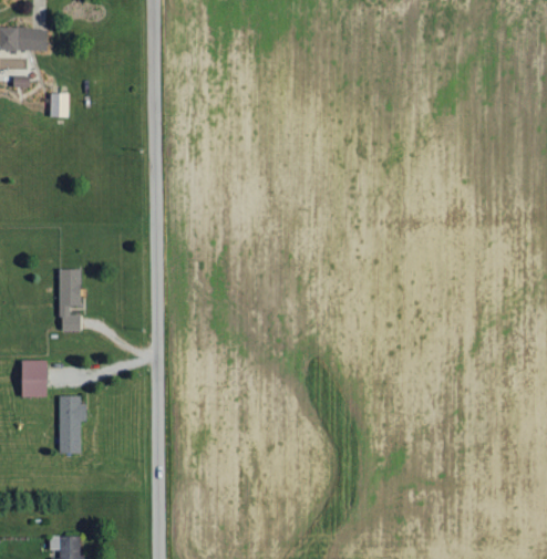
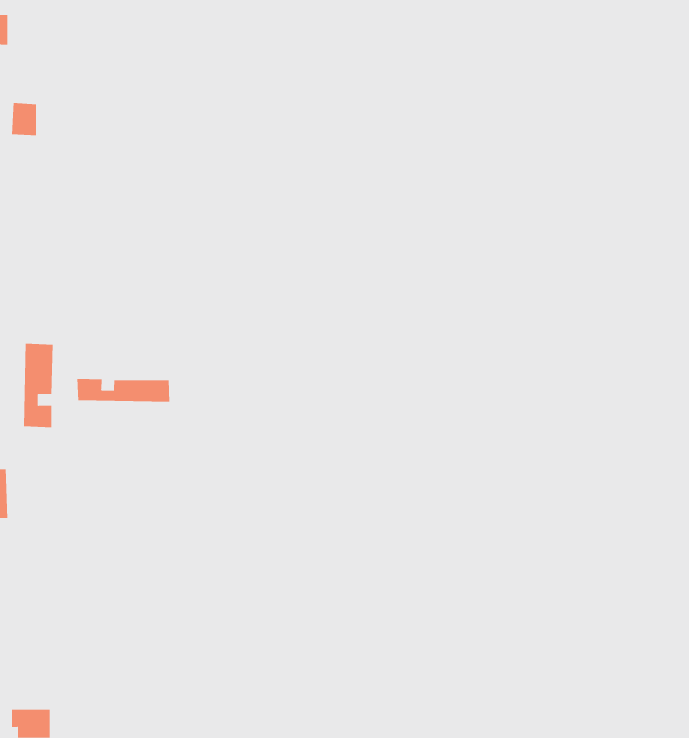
building: none -> [77,378,170,403]
building: [59,396,86,454] -> none

